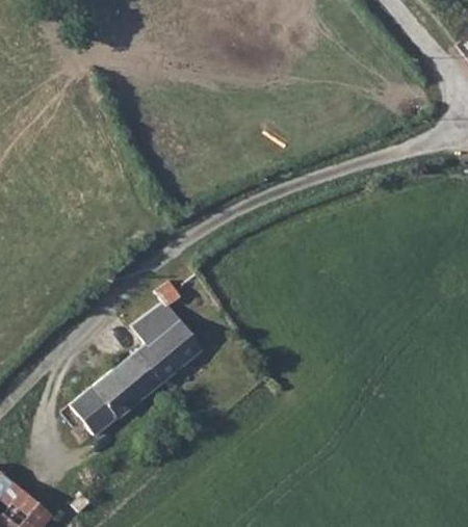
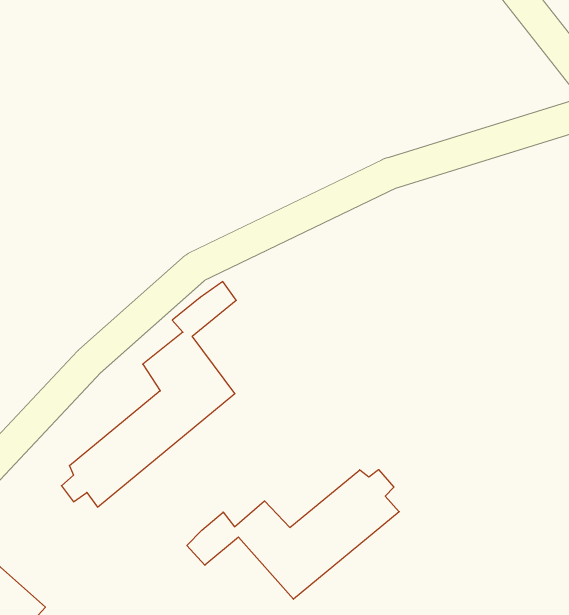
building: none -> [187,470,399,599]

